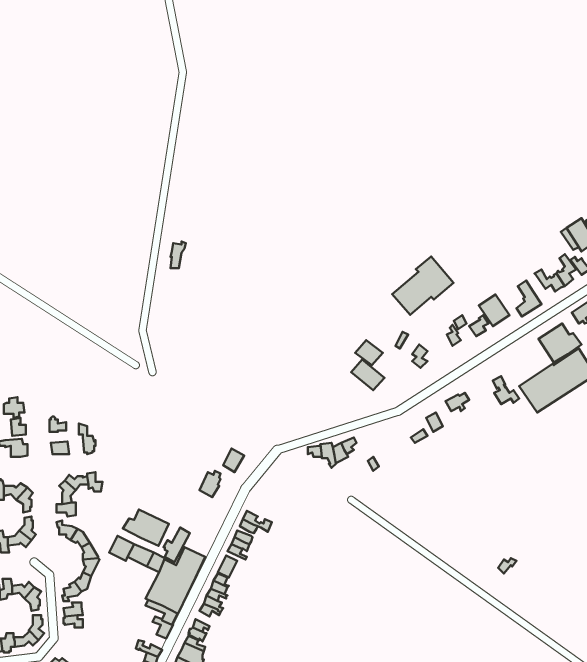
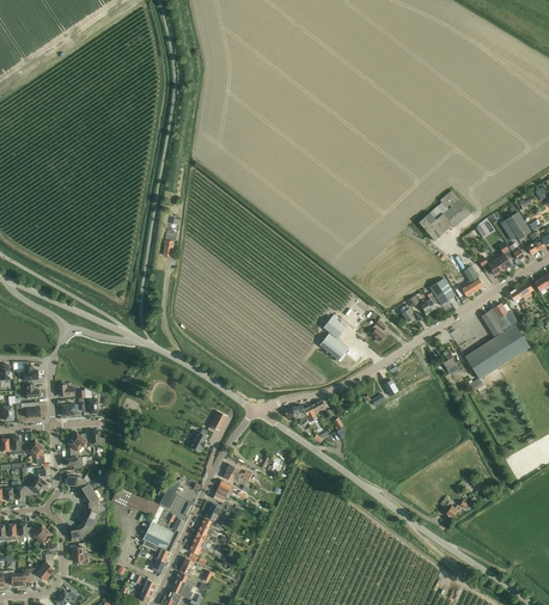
building: [392,257,453,315] -> [419,190,471,240]
building: [123,510,169,546] -> none

